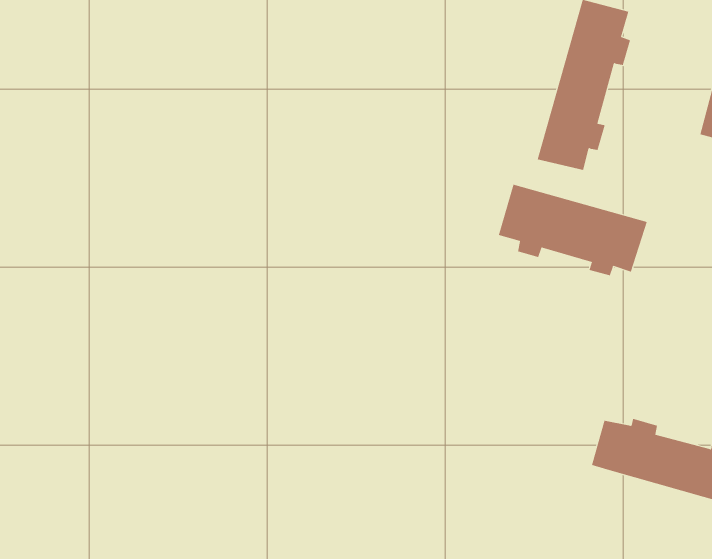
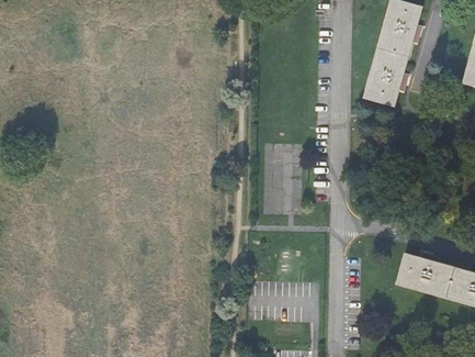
building: [498,184,647,276] -> none

